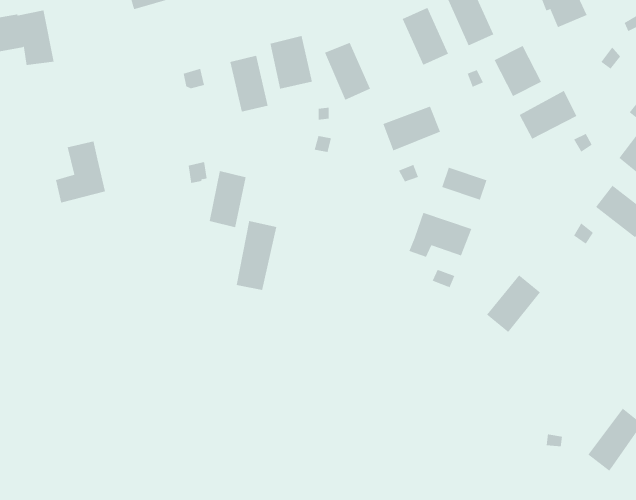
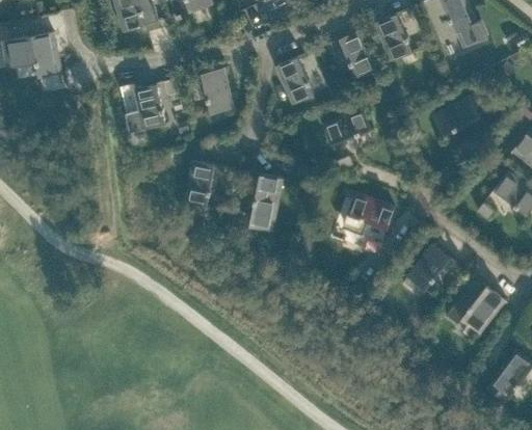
building: [270,35,313,89] -> none
building: [494,45,542,97] -> none
building: [55,141,106,203] -> [125,84,165,134]
building: [441,167,487,201] -> none
building: [236,220,277,290] -> [248,174,282,231]
building: none -> [445,287,504,333]

